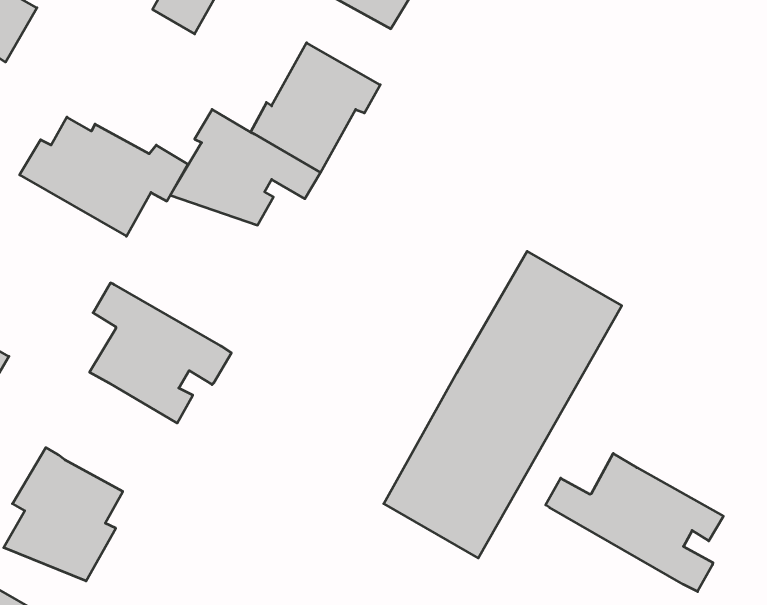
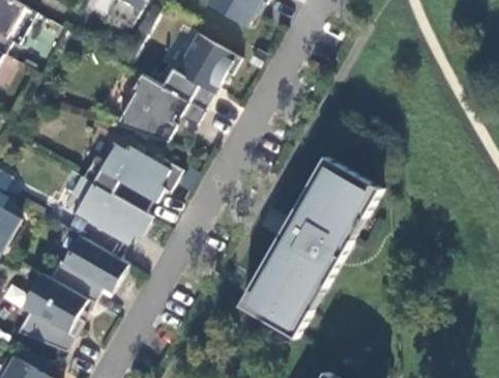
building: [20,117,188,236] -> [82,142,181,212]
building: none -> [49,234,127,302]
building: [546,453,723,592] -> none

